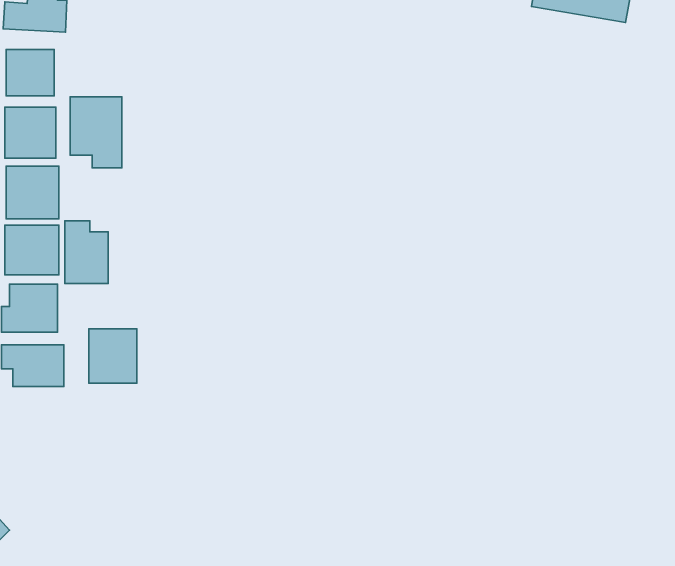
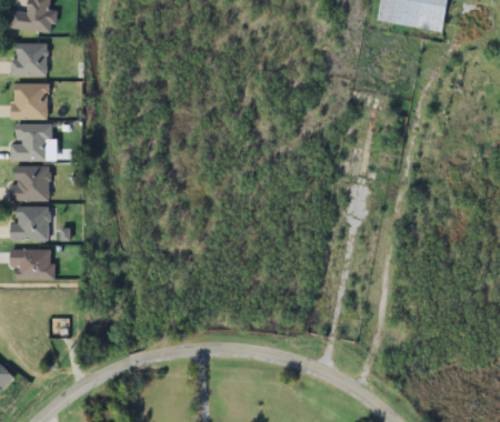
building: [70,97,122,168] -> none
building: [65,221,108,284] -> none
building: [89,329,137,383] -> none

